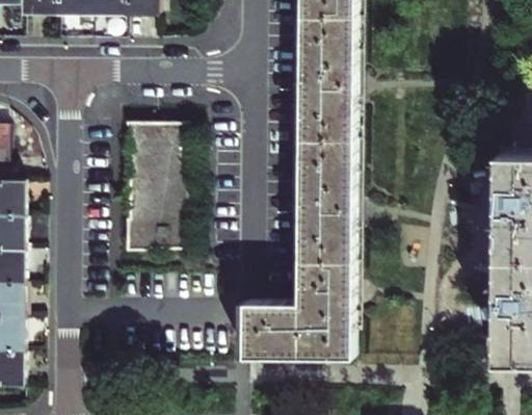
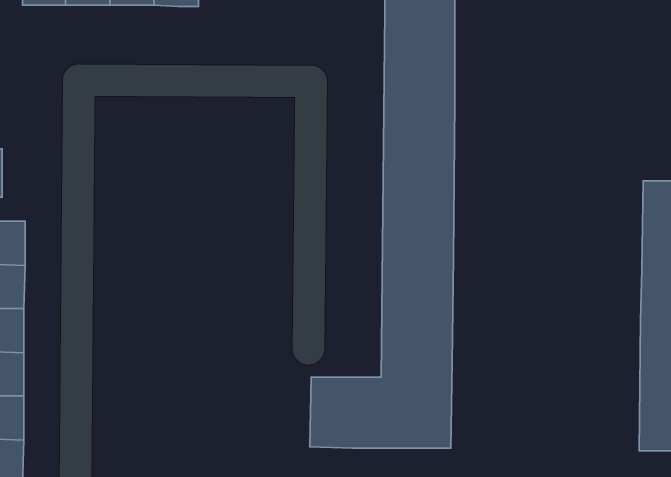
building: [122,122,185,251] -> none

